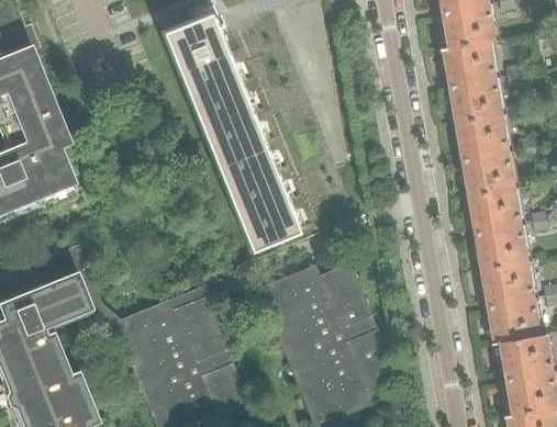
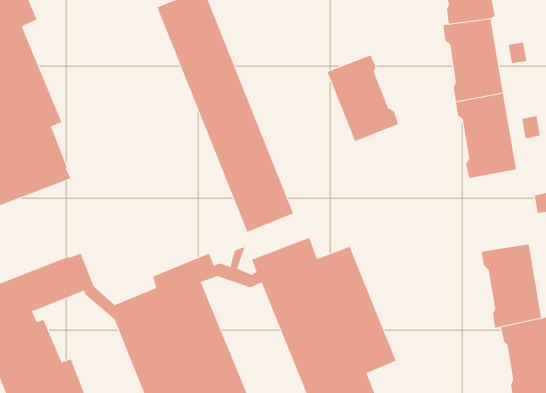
building: none -> [327,54,399,142]
building: [468,190,527,270] -> none

